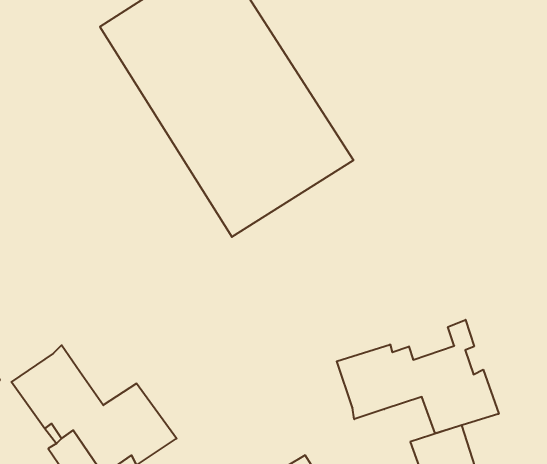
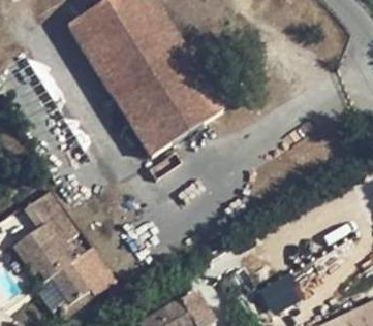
building: none -> [27,191,76,237]
building: [337,320,499,433] -> none

